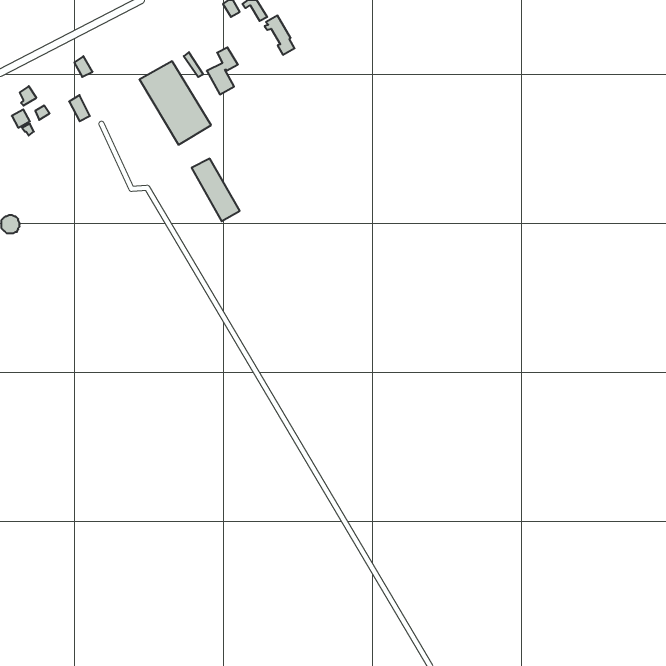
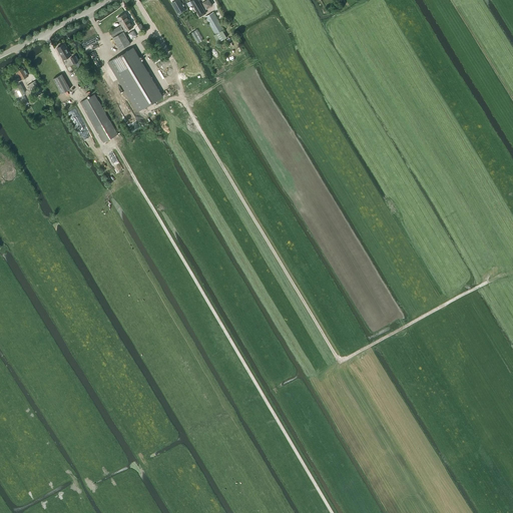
building: [207,47,238,94] -> [109,13,133,49]
building: [192,159,240,221] -> [80,94,117,142]

